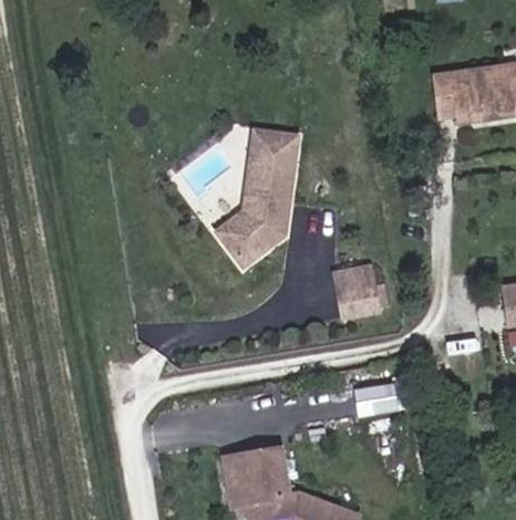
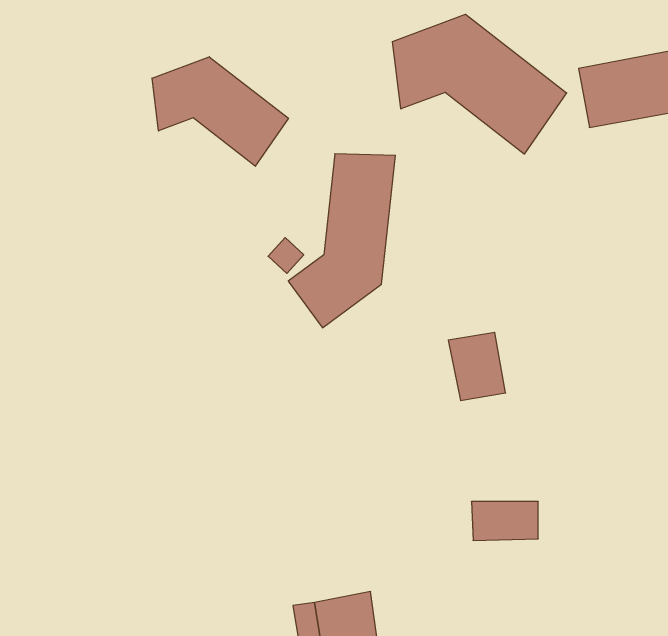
building: none -> [393,14,567,154]
building: none -> [152,57,288,166]

